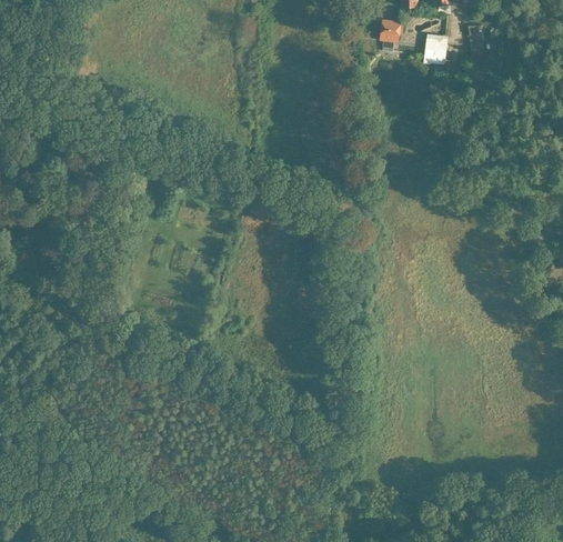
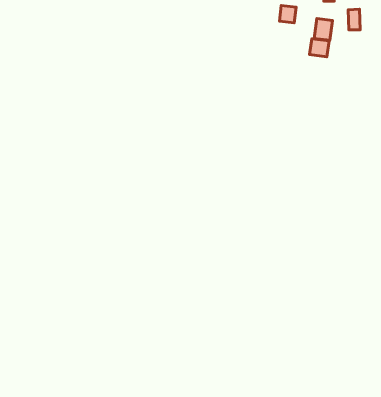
building: none -> [309,39,329,57]

